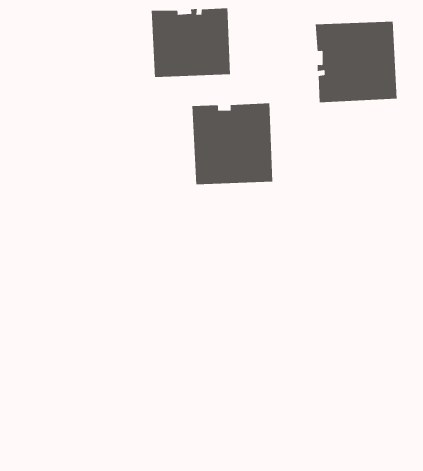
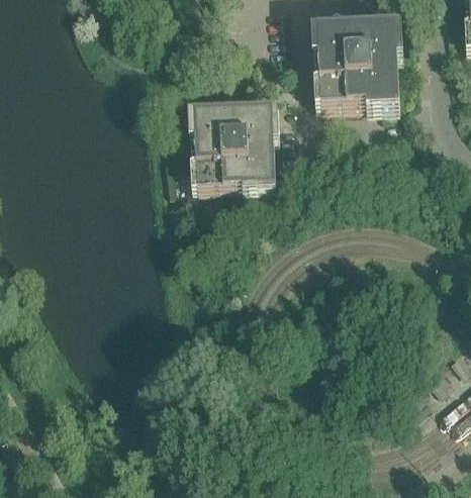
building: [151,7,231,78] -> none

